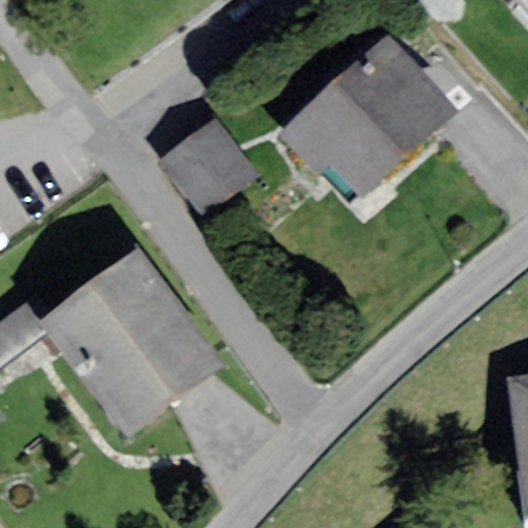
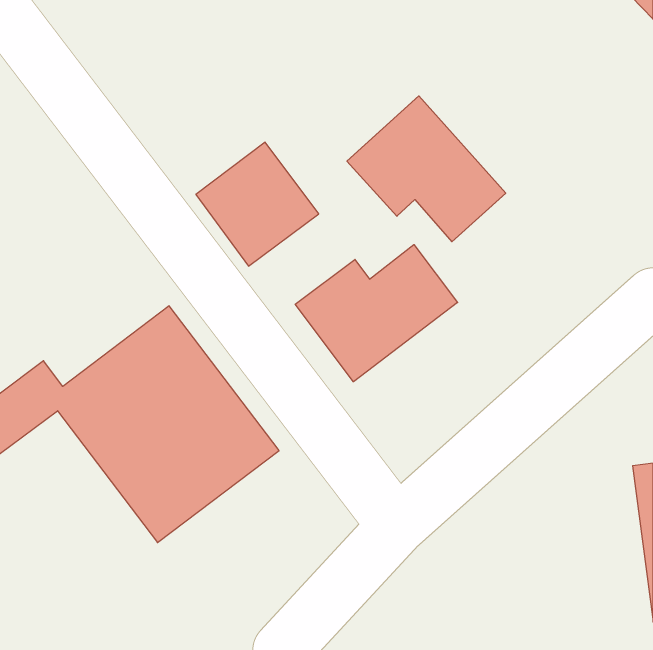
building: [337,32,459,156] -> none
building: none -> [295,245,458,382]

